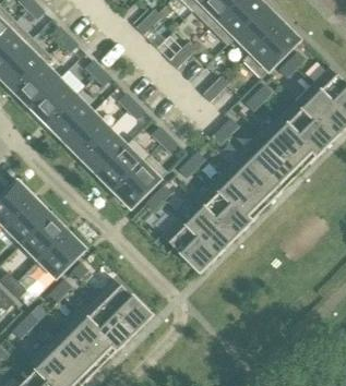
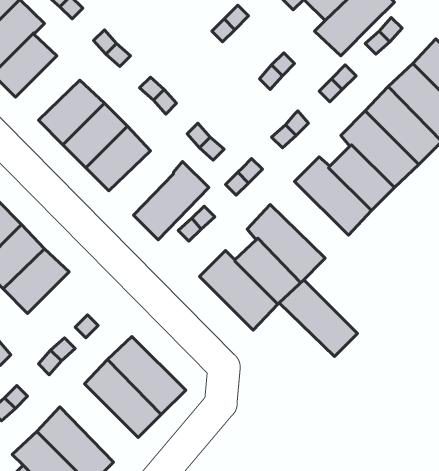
building: [29,77,75,123] -> none
building: [96,145,142,191] -> none
building: [211,167,266,221] -> [279,280,357,357]
building: [38,231,84,278] -> none
building: [61,311,117,366] -> none

